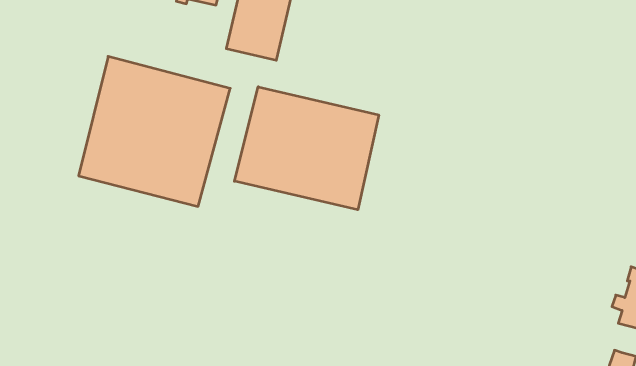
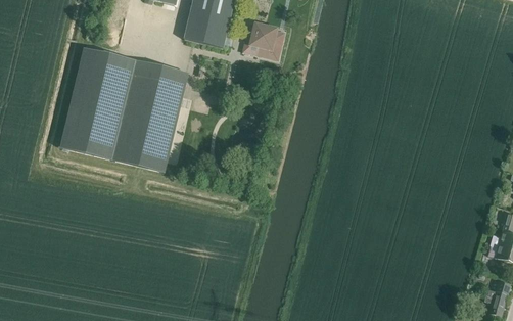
building: none -> [242,25,281,59]
building: [234,87,379,210] -> none

